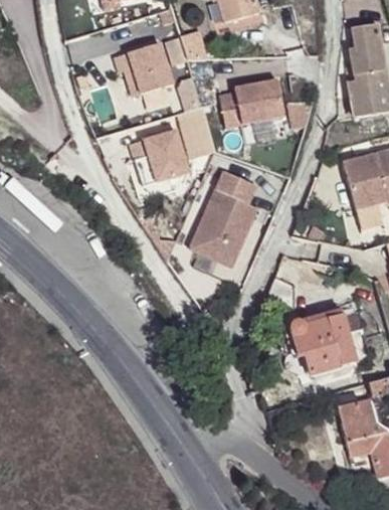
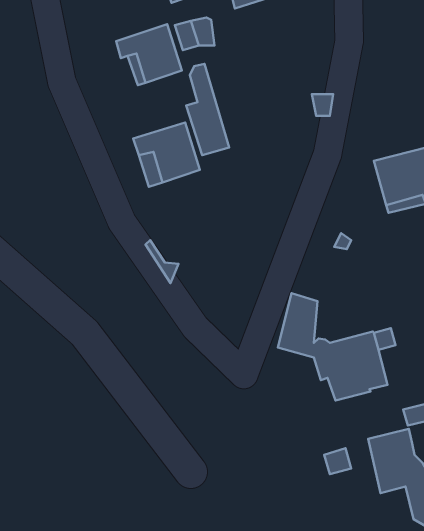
building: [341,29,383,123] -> none
building: [219,76,285,125] -> none
building: [191,168,260,263] -> none

